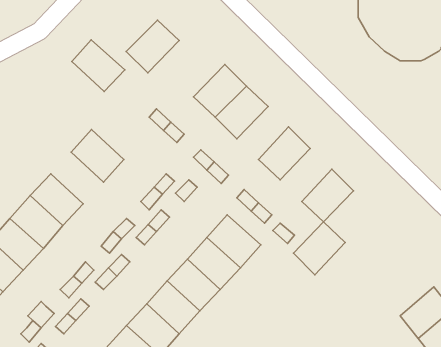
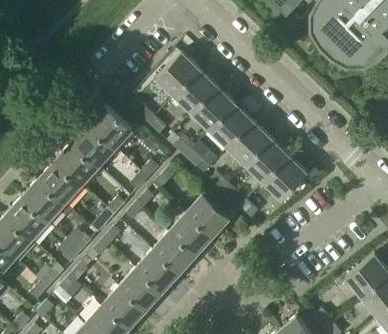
building: [126,20,179,73] -> [156,52,200,96]
building: [72,40,125,92] -> [89,105,133,148]
building: none -> [210,104,253,148]
building: none -> [55,142,99,185]
building: [293,222,345,275] -> [246,139,289,183]

